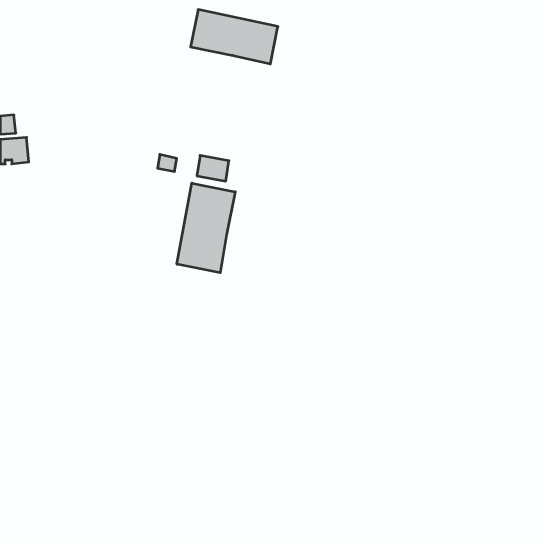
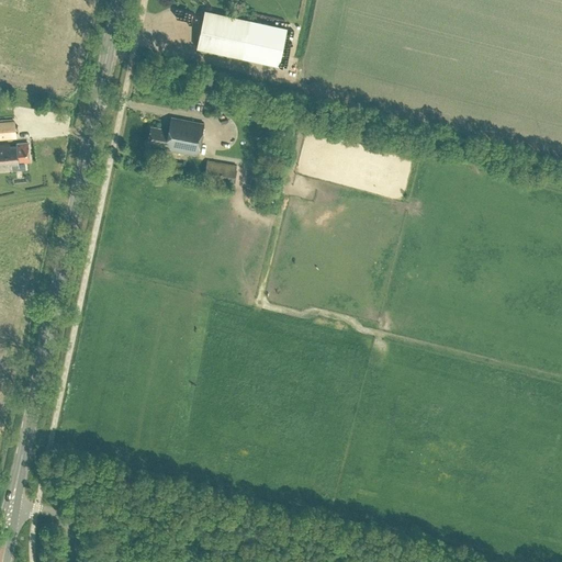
building: none -> [147,119,203,156]
building: [177,183,235,273] -> none

